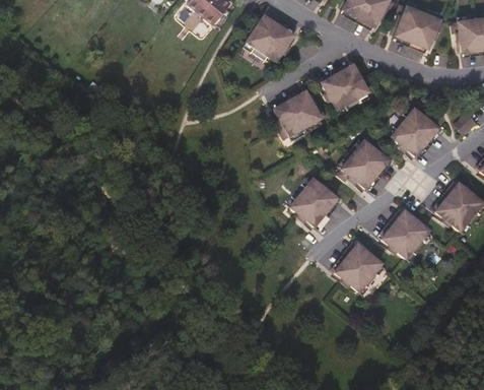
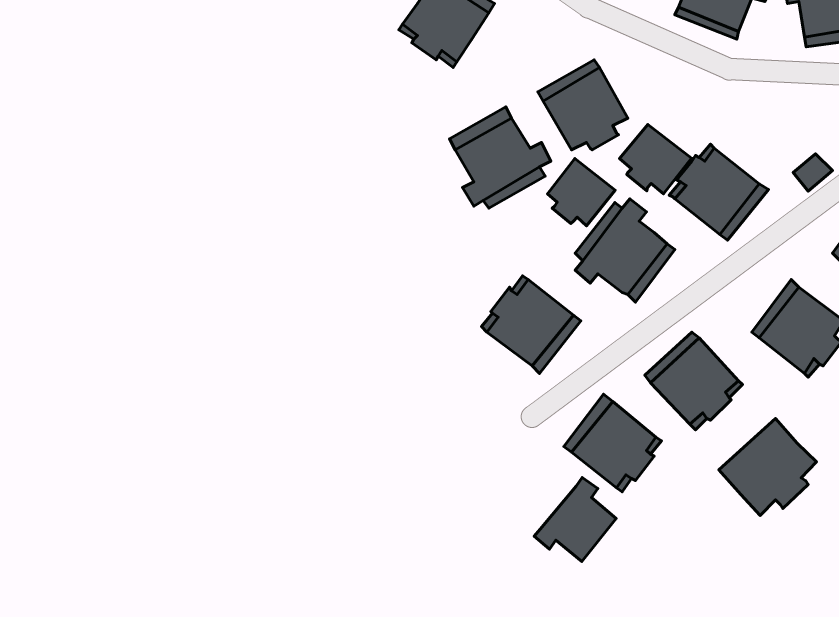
building: none -> [619,125,691,194]
building: none -> [548,159,615,226]
building: none -> [719,418,816,515]
building: none -> [534,477,616,562]

